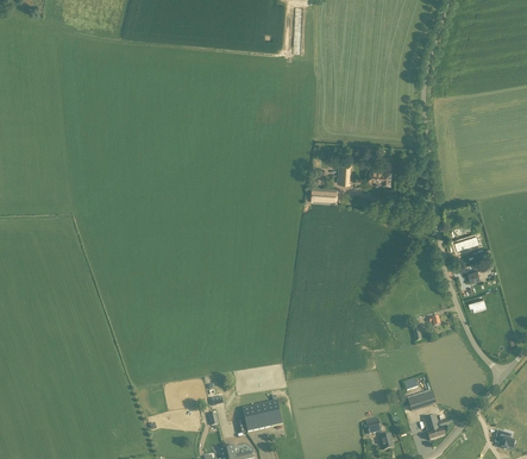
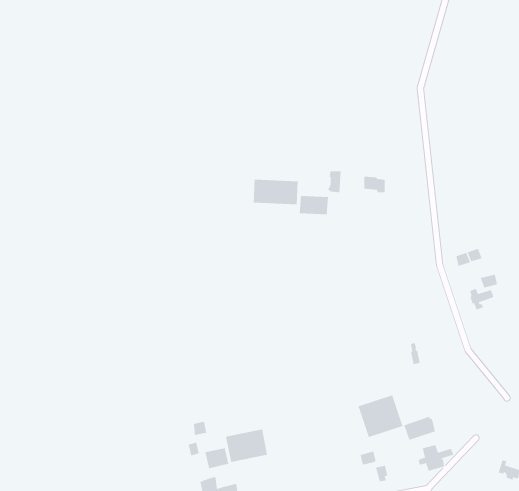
building: none -> [253,179,298,205]
building: none -> [358,394,403,438]

